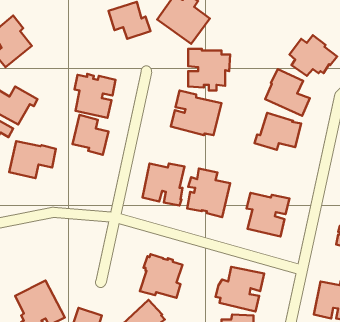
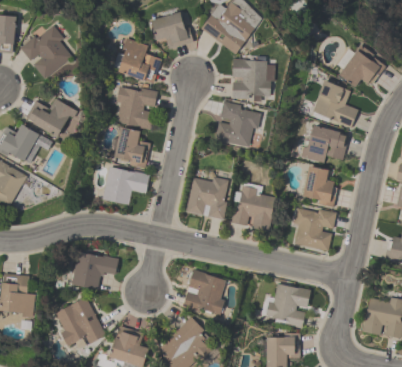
building: none -> [113,37,162,83]
building: [9,141,56,178] -> [102,167,150,205]
building: none -> [303,167,337,207]
building: none -> [72,252,118,289]

